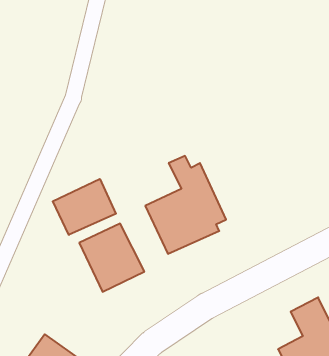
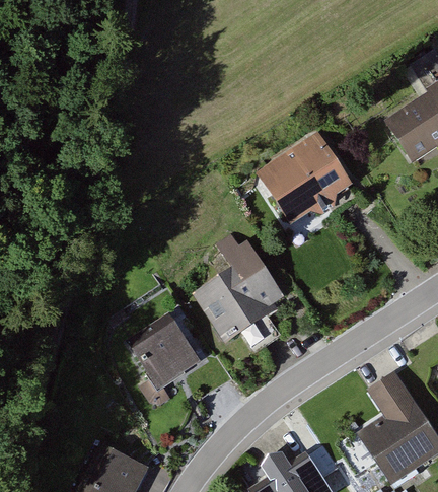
building: none -> [257,133,354,225]
building: [53,179,116,235] -> none

